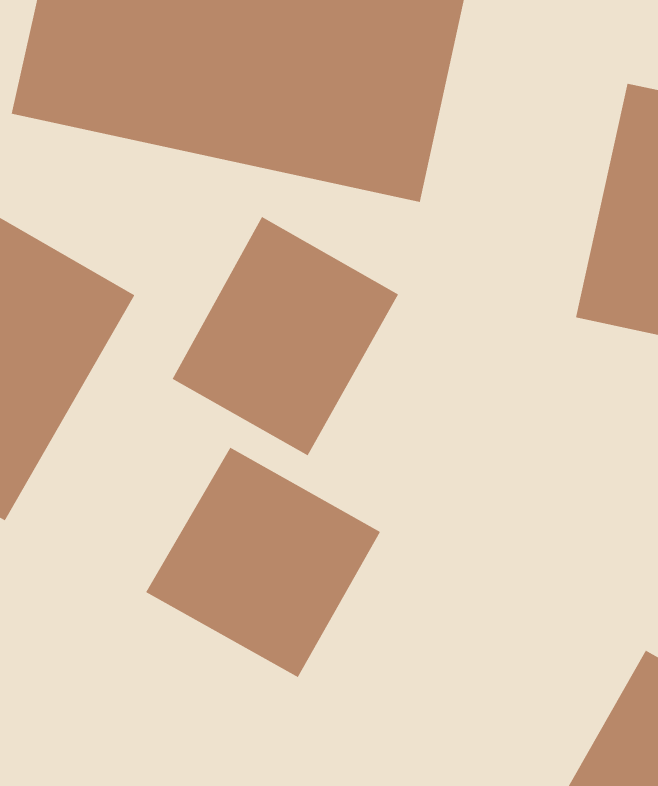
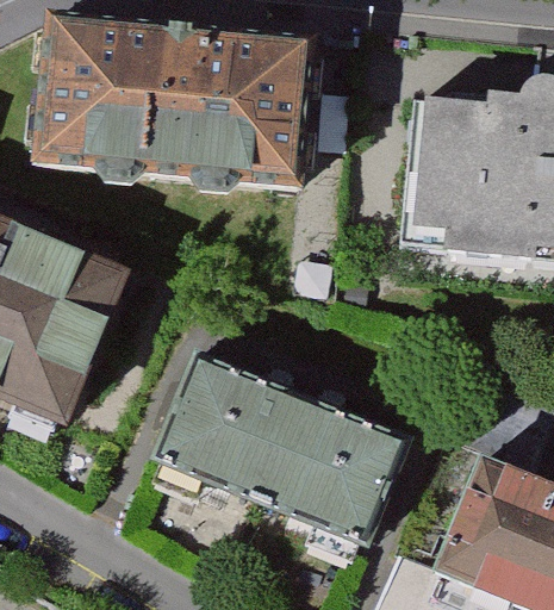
building: [172,216,399,456] -> none
building: none -> [263,402,411,547]

